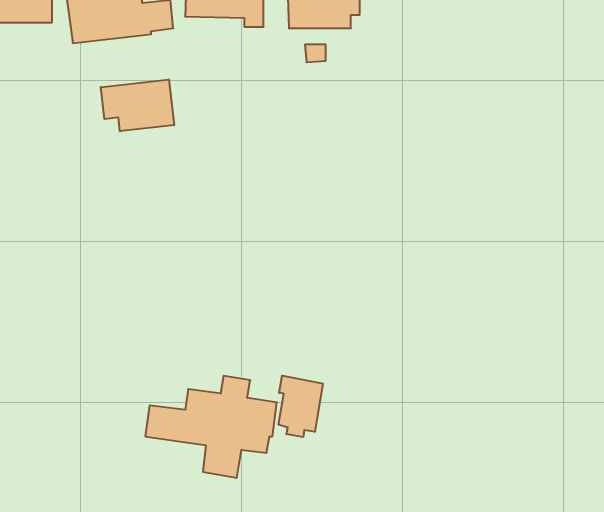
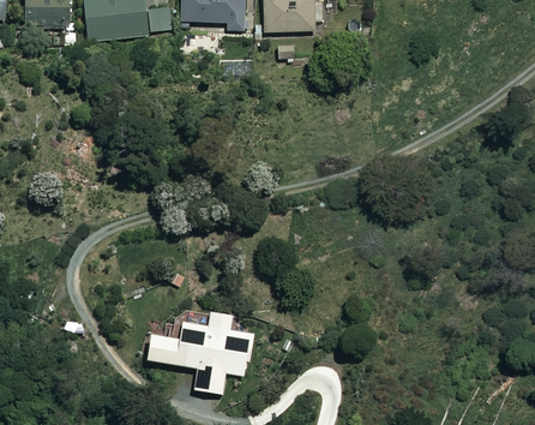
building: [101,79,174,131] -> none
building: [279,376,323,437] -> none

